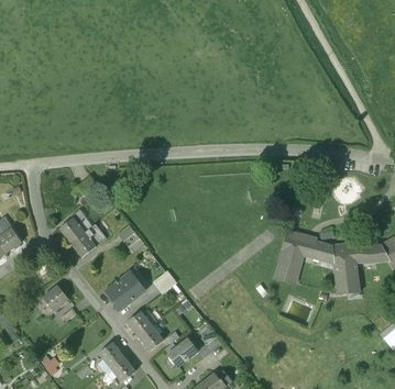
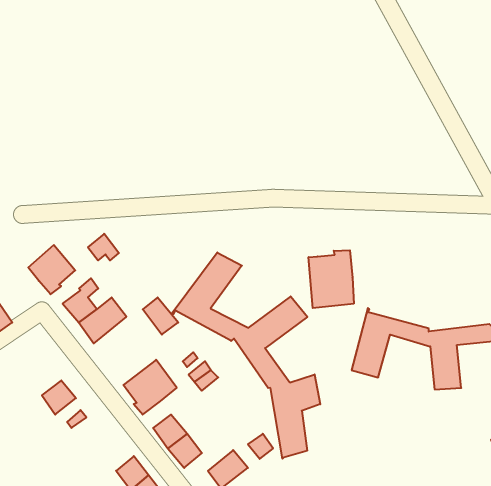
building: none -> [28,245,75,294]
building: none -> [309,250,354,308]
building: none -> [171,252,320,459]

